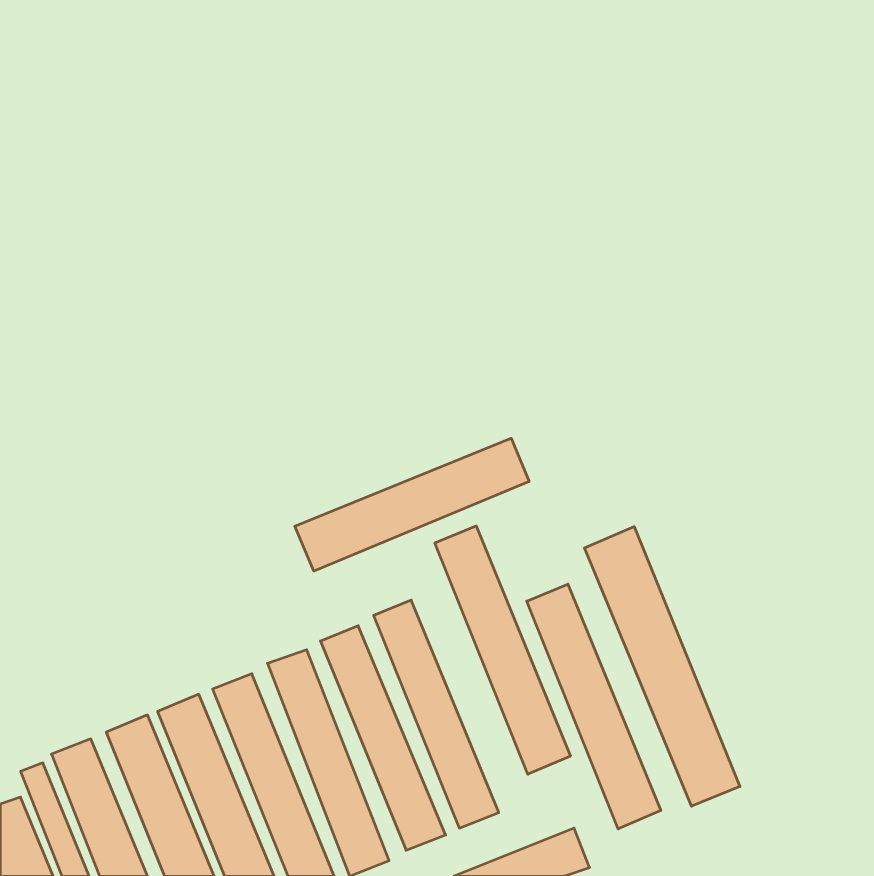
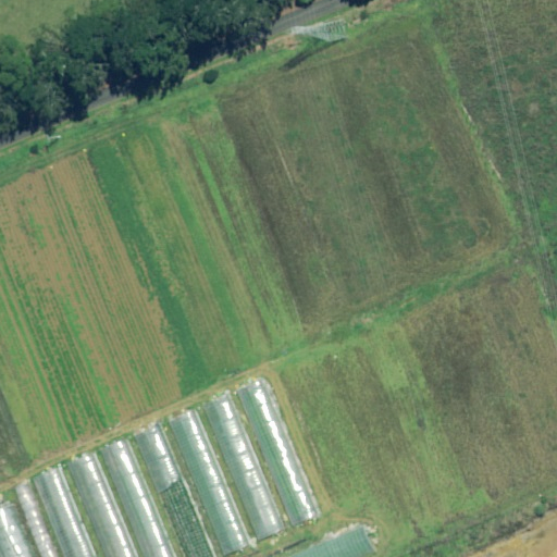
building: [295,438,529,571] -> none
building: [435,526,570,774] -> none
building: [584,527,740,806] -> none
building: [527,584,661,829] -> none

